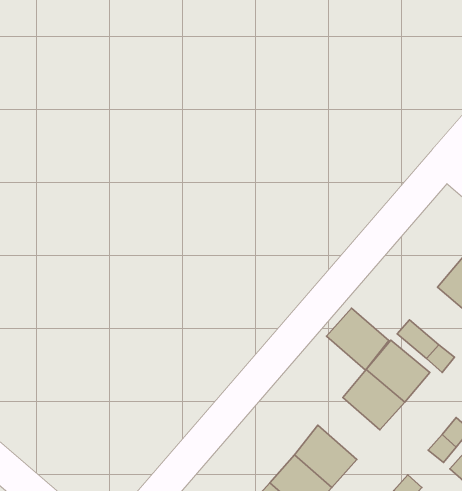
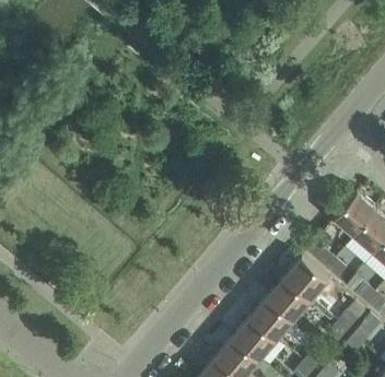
building: [327,308,389,370] -> [248,298,292,342]

